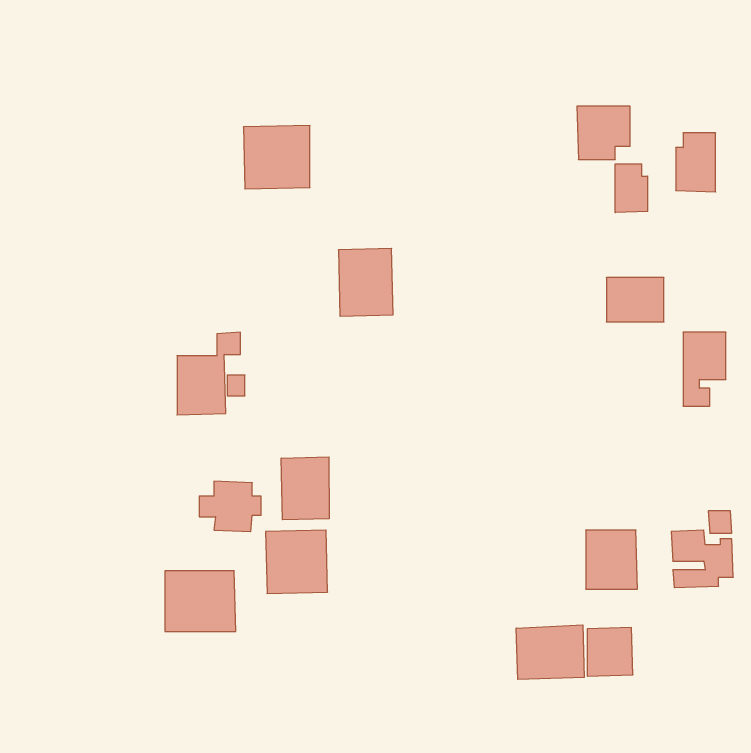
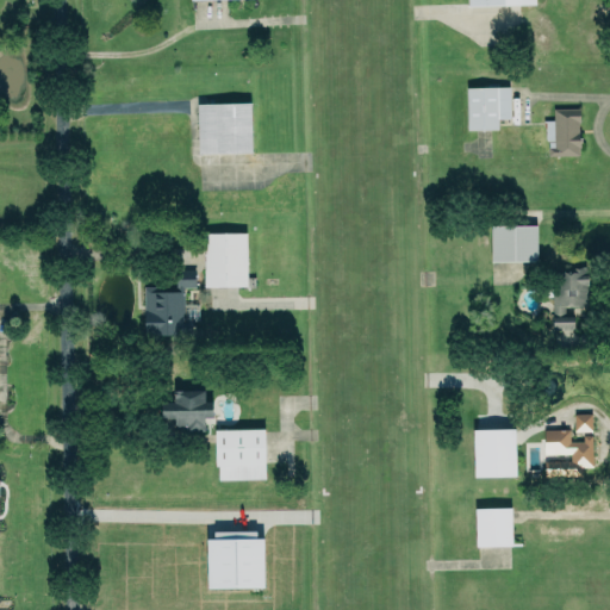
building: [615,164,648,213] -> none
building: [338,248,393,316] -> [205,232,249,287]
building: [281,457,329,520] -> none
building: [165,571,236,631] -> [208,539,266,587]
building: [516,625,584,679] -> none

